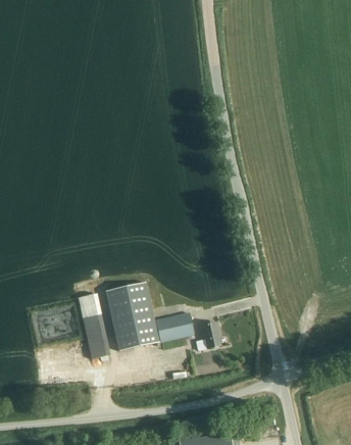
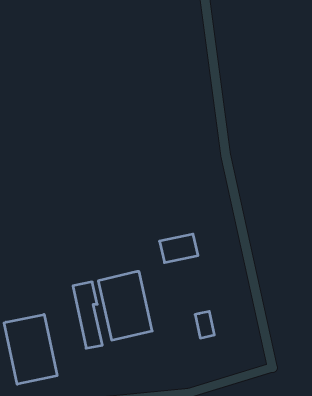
building: [155,312,194,341] -> [159,234,198,263]
building: none -> [4,314,57,384]

